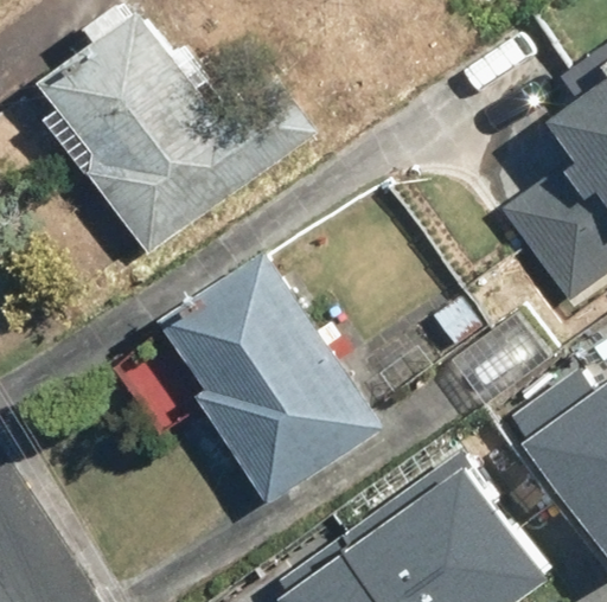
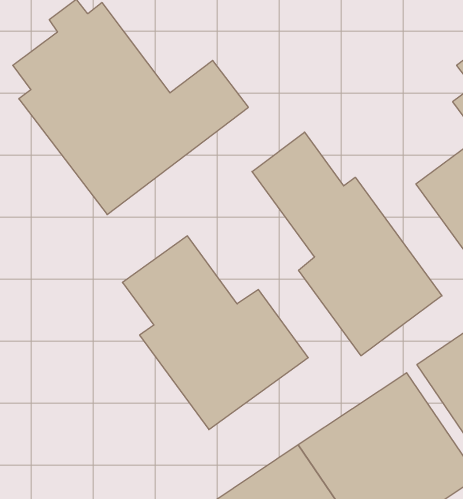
building: none -> [252,132,442,356]

